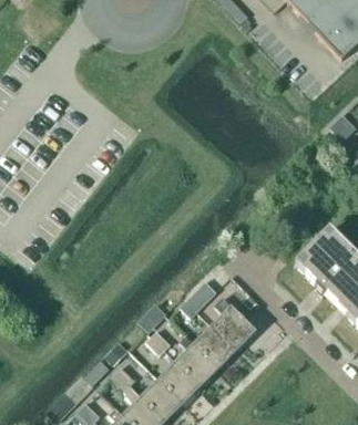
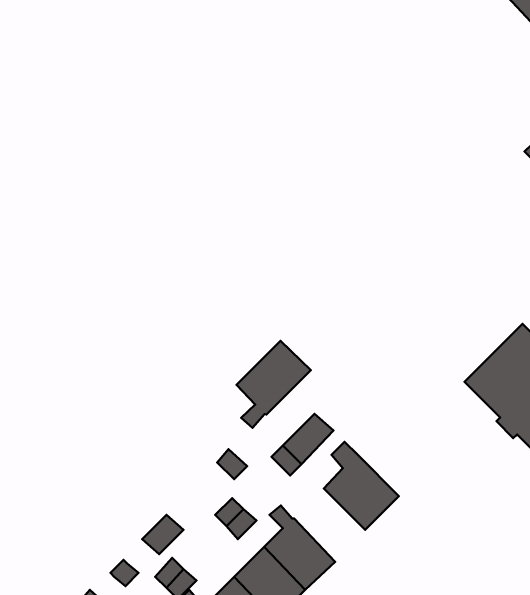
building: none -> [236,341,311,428]
building: [195,324,237,367] -> none

